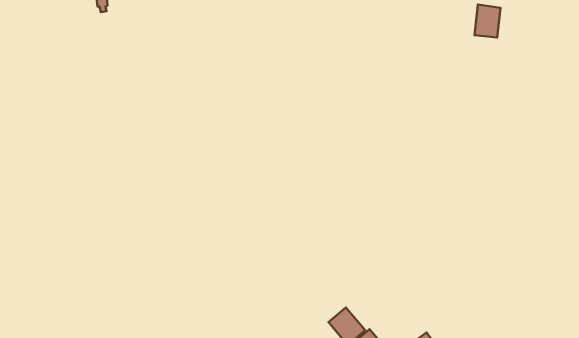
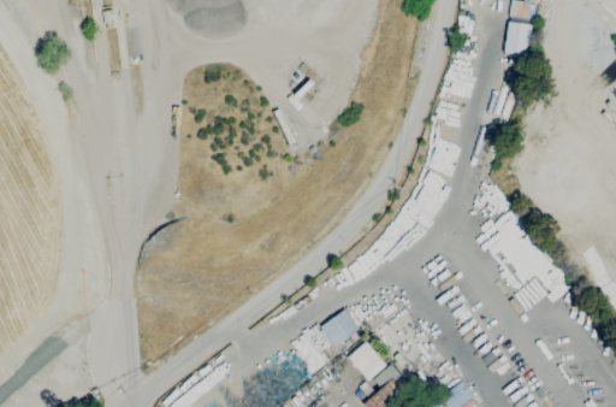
building: none -> [321,309,361,348]

